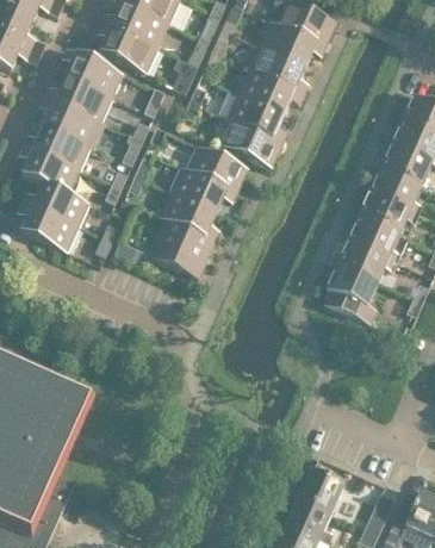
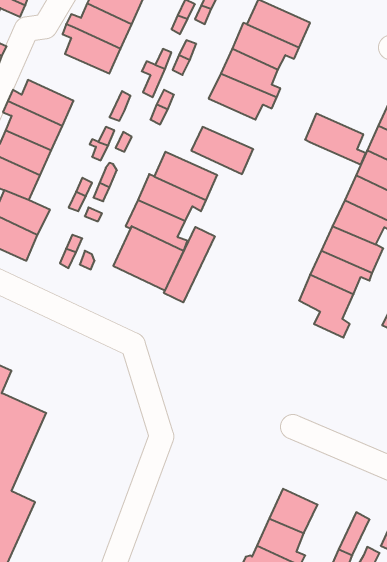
building: [62,49,119,98] -> none
building: [228,95,286,144] -> [305,114,366,164]
building: none -> [164,227,215,302]

